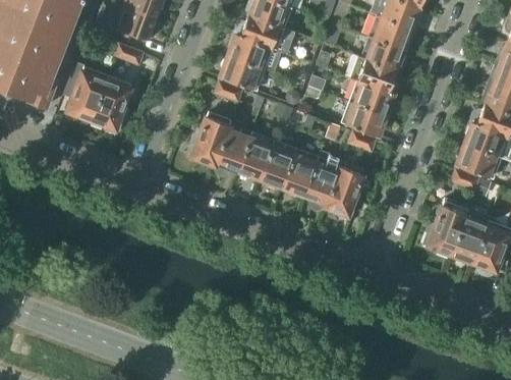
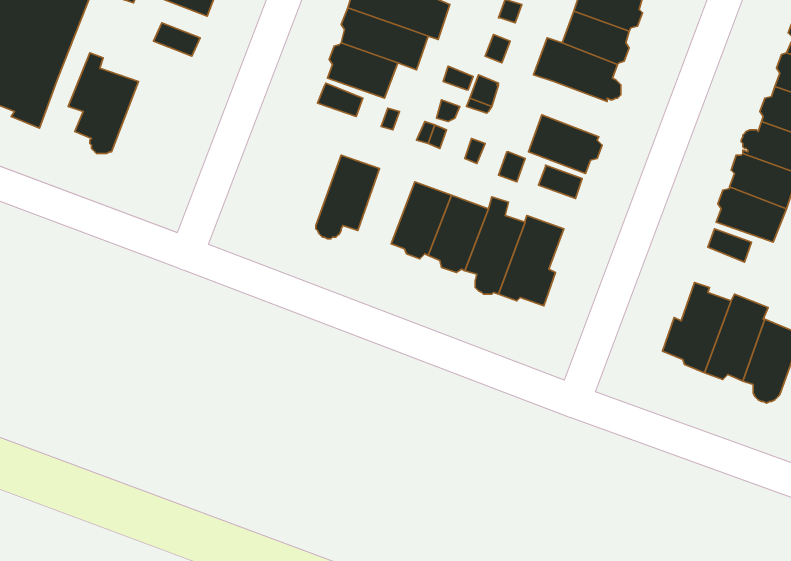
building: [89,79,130,129] -> none
building: [350,79,394,113] -> none
building: [187,113,229,167] -> none
building: [238,132,273,178] -> none

